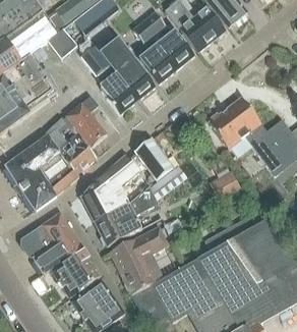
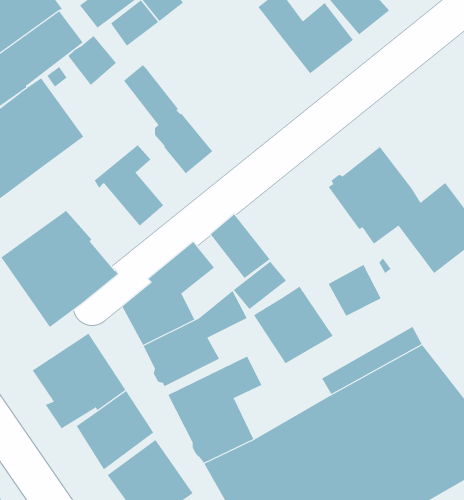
building: [132,11,194,82] -> none
building: [97,35,155,99] -> none
building: [46,127,96,173] -> none
building: none -> [253,286,334,364]

